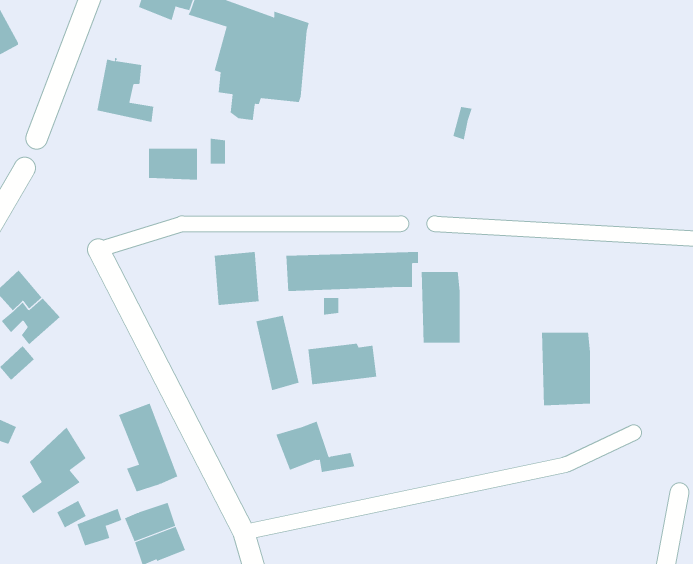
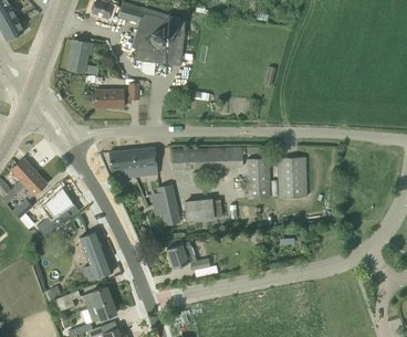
building: none -> [108,149,134,178]
building: [541,332,591,406] -> [278,157,305,198]
building: [21,426,87,514] -> [36,187,73,235]

